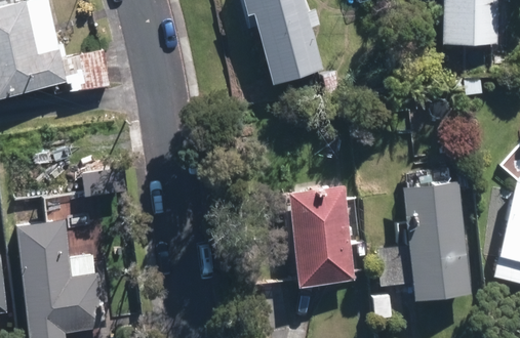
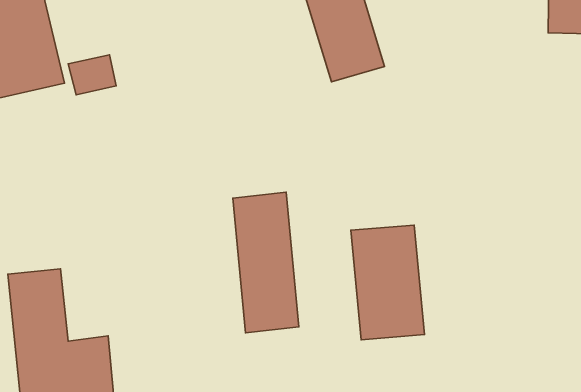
building: none -> [233,192,299,333]
building: [404,186,464,295] -> none

